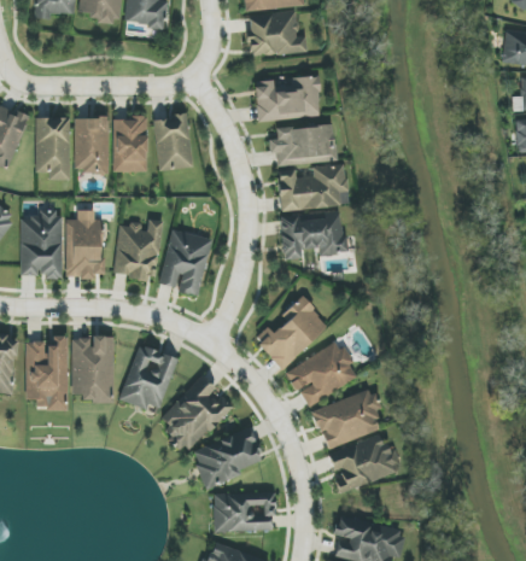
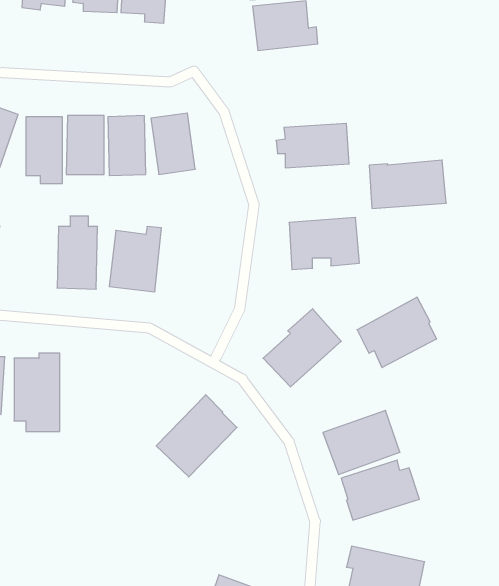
building: [253,75,322,122] -> none
building: [277,165,349,210] -> [369,160,446,208]
building: [21,214,63,279] -> none
building: [159,229,211,296] -> none
building: [71,337,112,401] -> none
building: [284,340,357,405] -> [357,297,437,368]
building: [118,344,177,410] -> none
building: [191,428,263,487] -> none
building: [212,492,274,532] -> none

